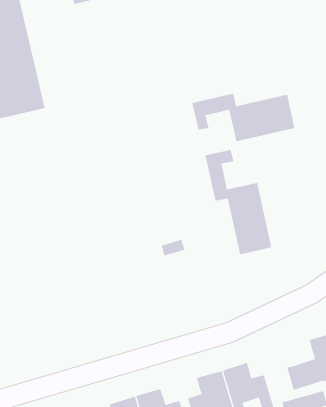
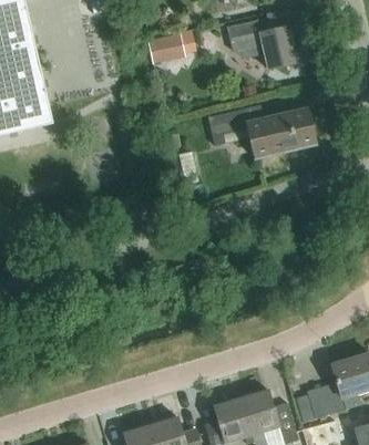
building: none -> [226,18,298,69]
building: none -> [147,33,185,63]
building: [205,149,272,255] -> none

